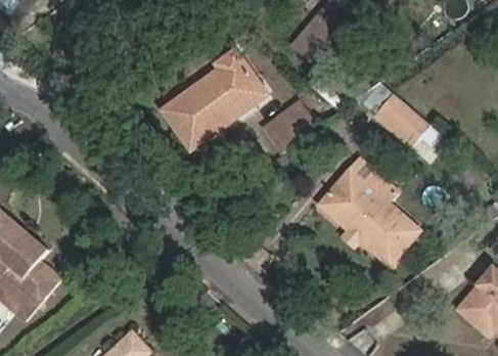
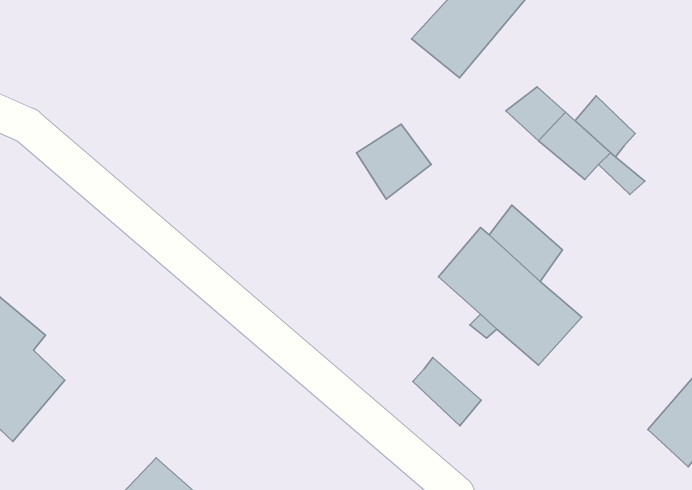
building: [156,49,255,145] -> none
building: none -> [575,96,635,157]
building: none -> [413,357,481,426]

